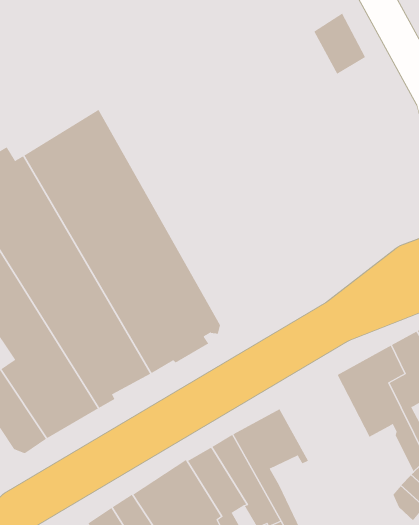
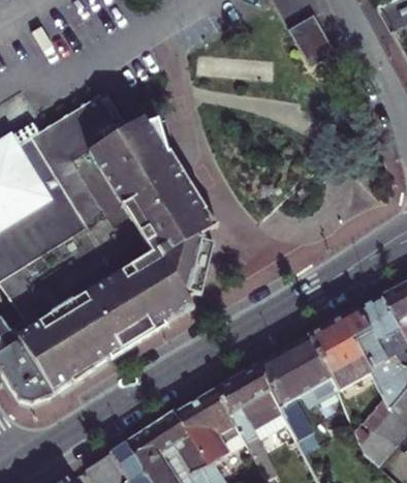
building: none -> [97,94,216,291]
building: none -> [258,335,338,452]

